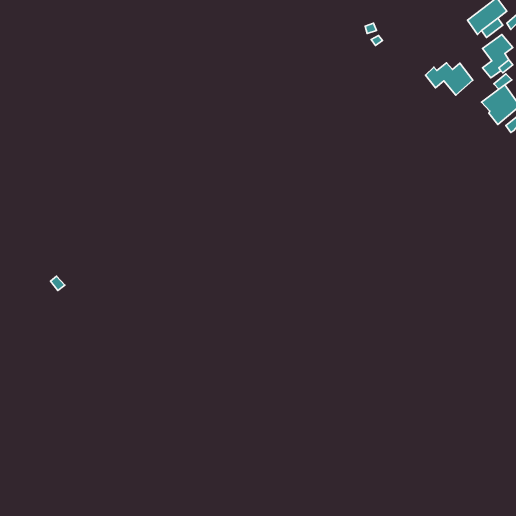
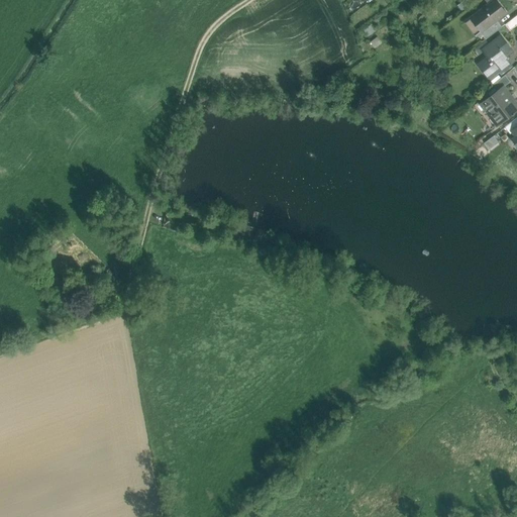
building: [425,63,473,95] -> none

